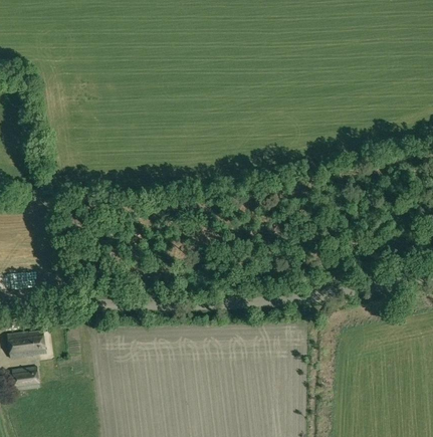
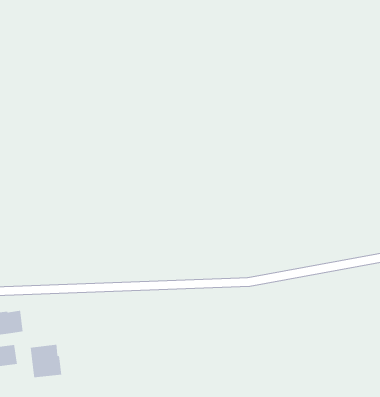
building: none -> [30,344,62,378]

